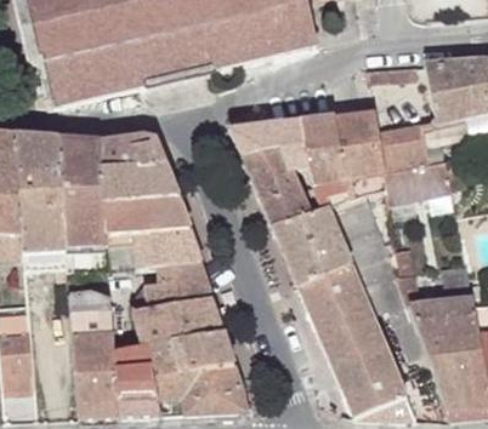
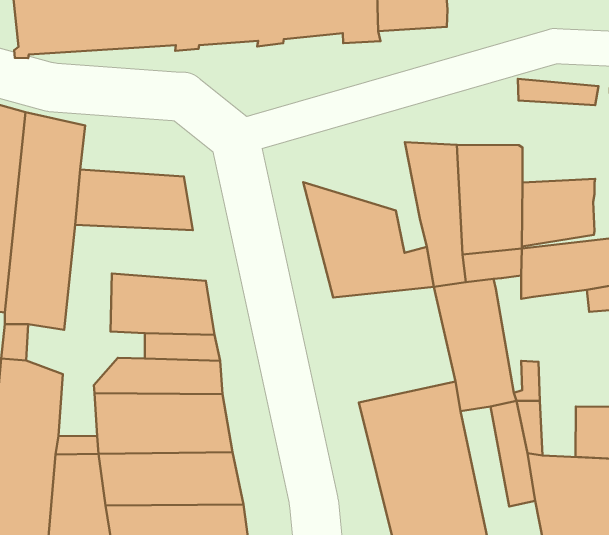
building: [229,116,317,162] -> none
building: [98,131,165,166] -> none
building: [102,193,189,268] -> none
building: [271,204,356,284] -> none

